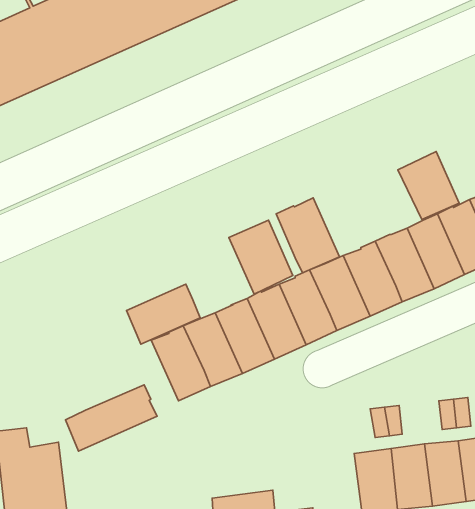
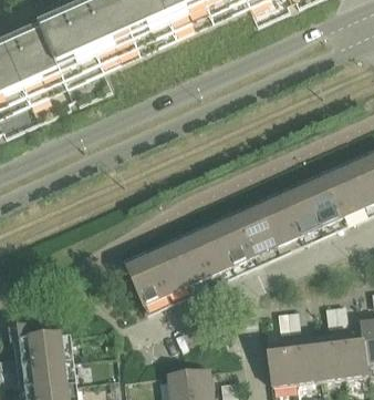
building: [398,152,459,220] -> none
building: [276,198,340,273] -> none
building: [229,220,293,294] -> none
building: [127,284,200,344] -> none
building: [66,385,157,451] -> none

